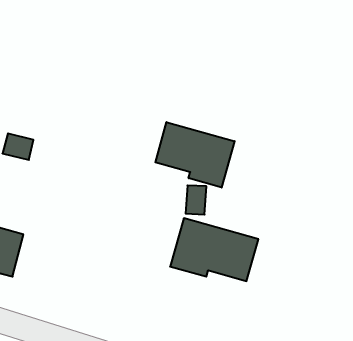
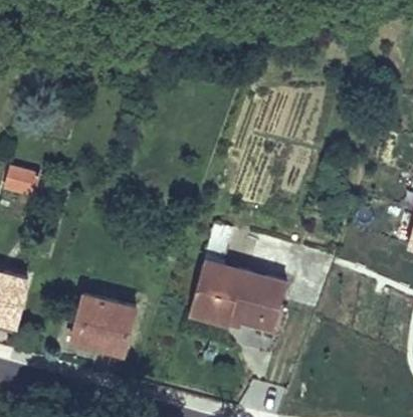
building: [155,122,235,188] -> none
building: none -> [71,295,135,355]

